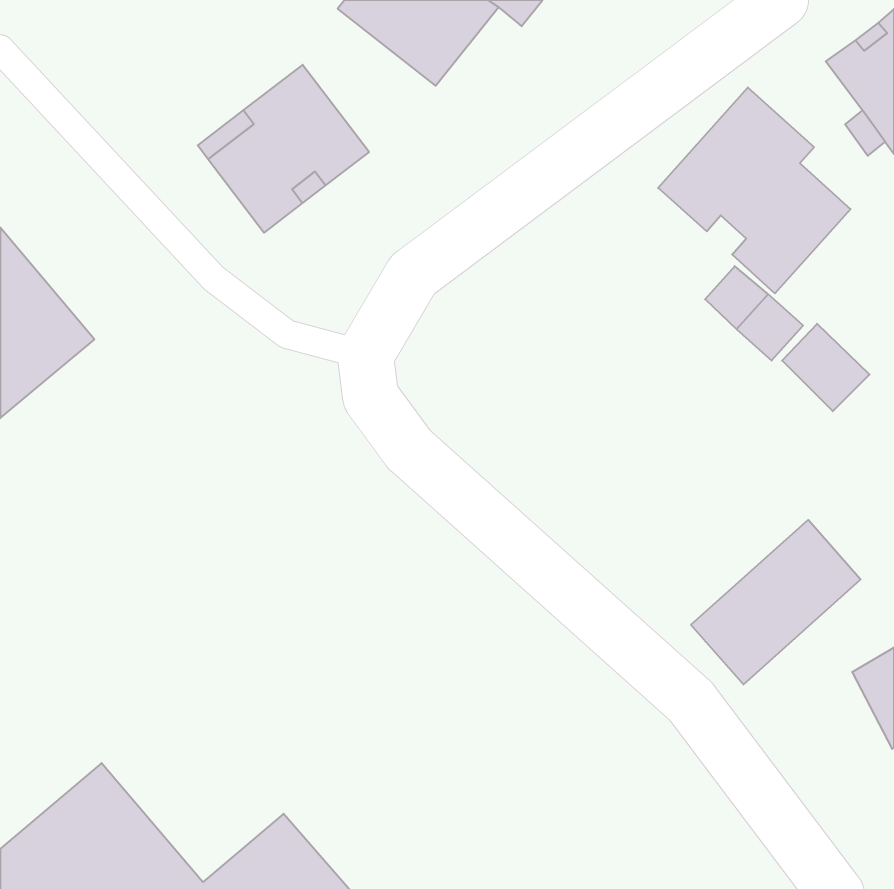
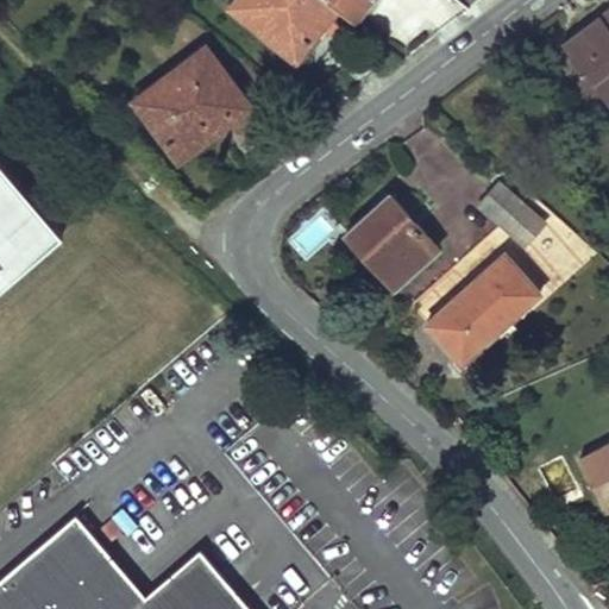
building: [658,87,851,293] -> none
building: none -> [345,196,439,290]
building: [691,520,861,684] -> [426,255,541,366]

